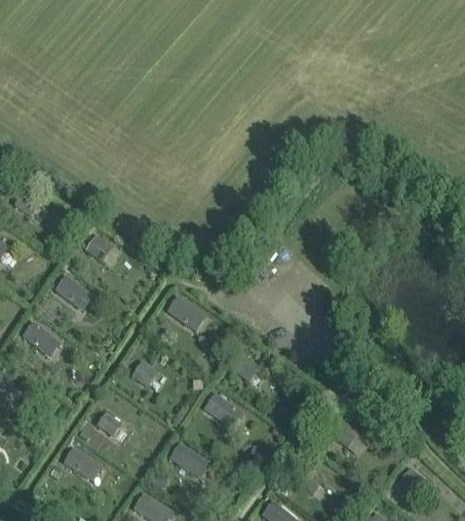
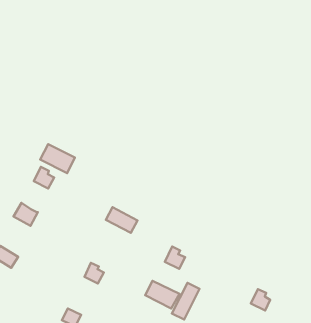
building: none -> [40,144,75,173]
building: none -> [172,283,200,320]

